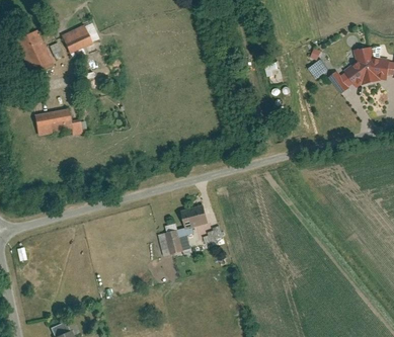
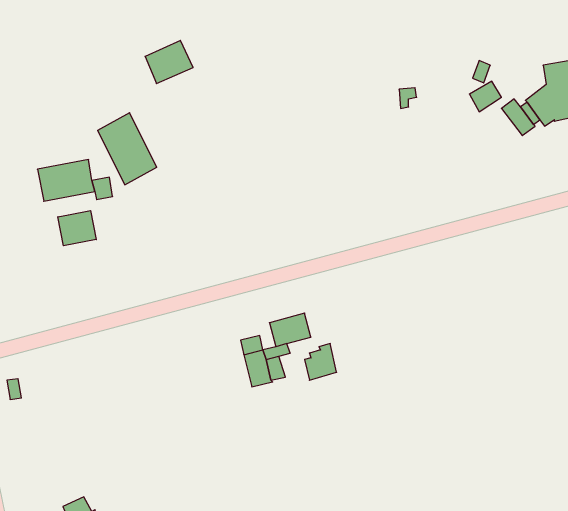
building: [62,25,92,53] -> [145,40,193,84]
building: [16,30,54,76] -> [98,113,157,185]
building: none -> [58,211,96,246]

